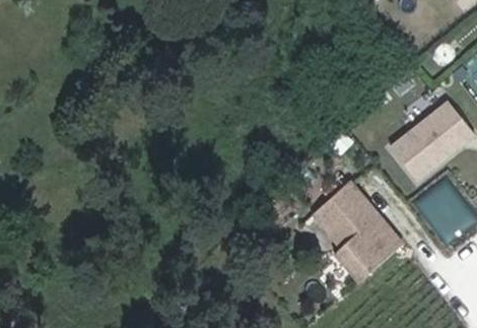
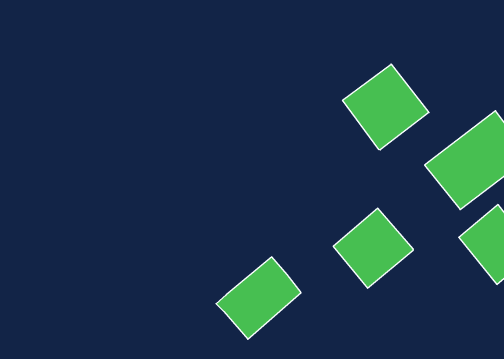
building: none -> [343,64,429,150]
building: [334,215,402,281] -> [216,257,301,339]

